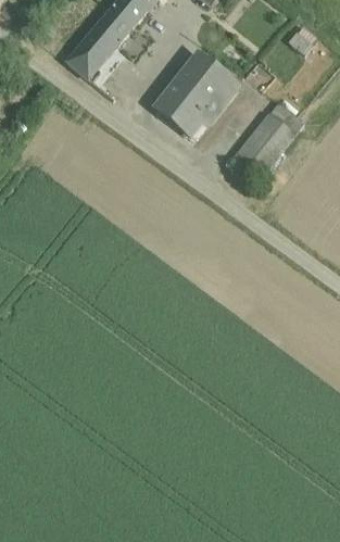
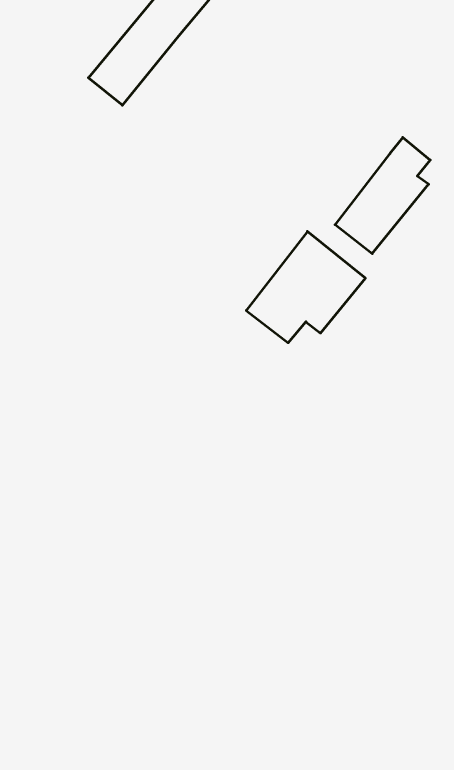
building: [156,54,237,129] -> [246,231,365,343]

